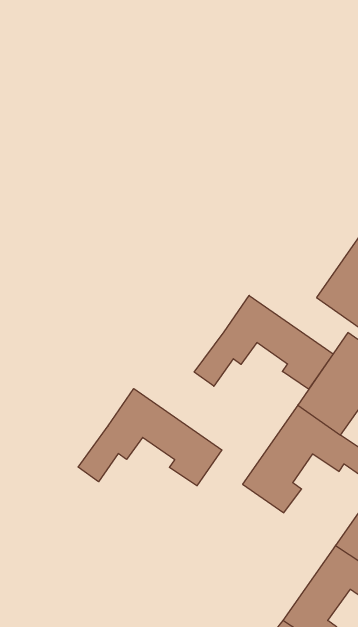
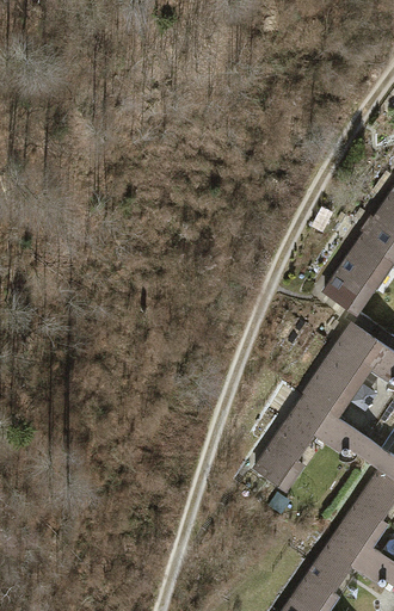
building: [194,295,333,389] -> none
building: [78,389,222,486] -> none

